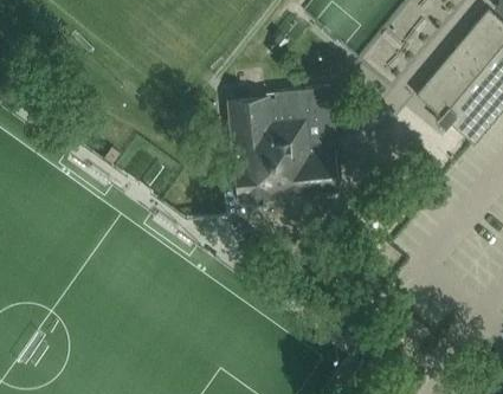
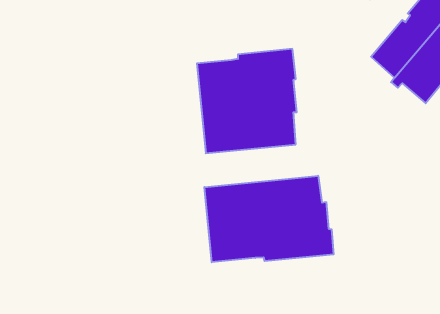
building: none -> [204,176,334,262]

